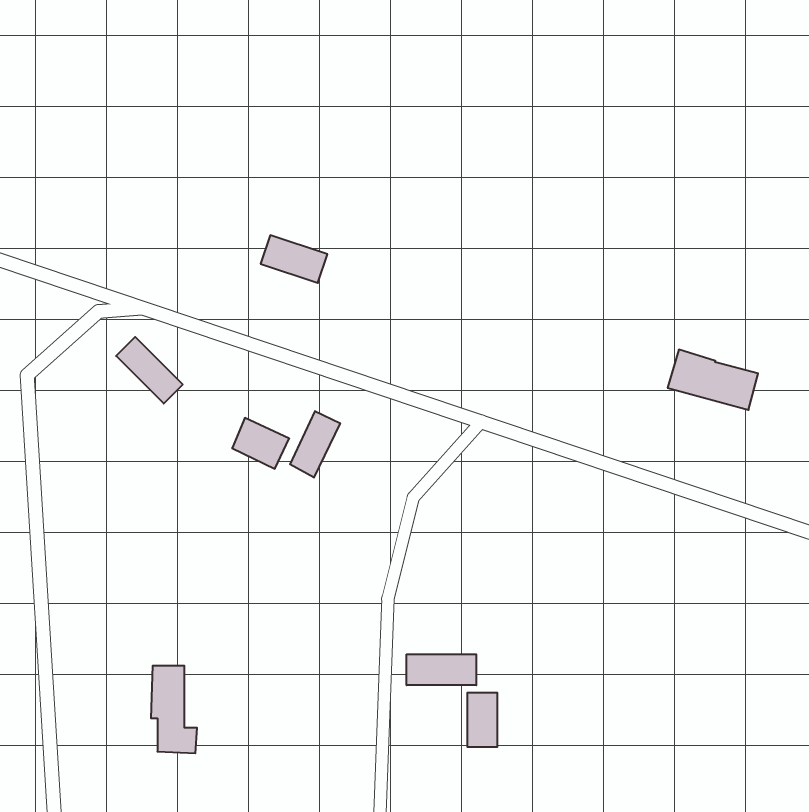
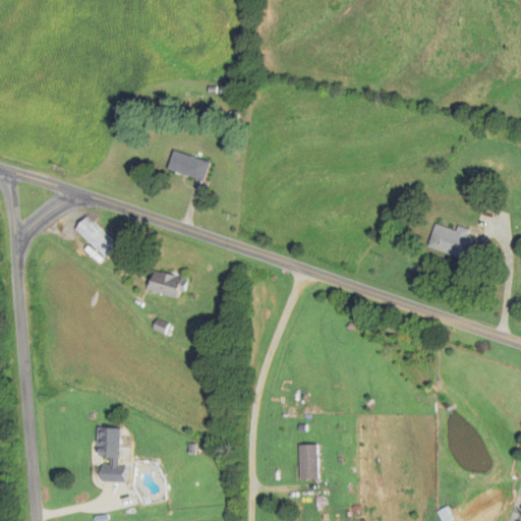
building: [290,411,340,478] -> none
building: [407,654,476,685] -> none

